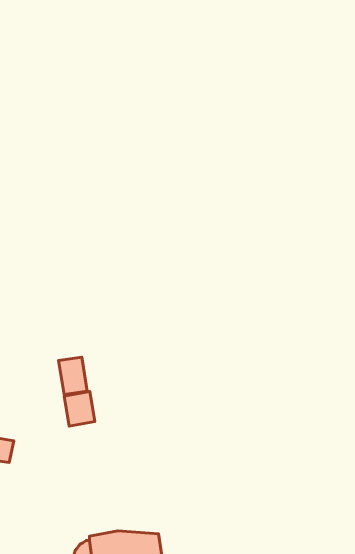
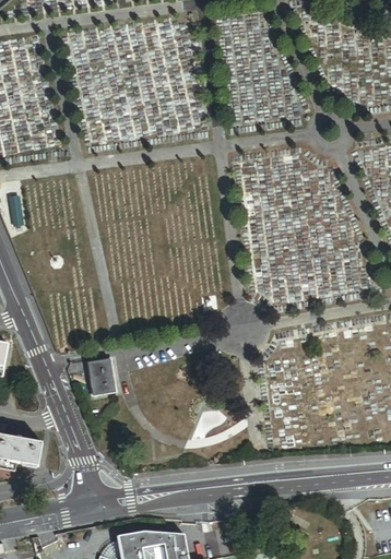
building: [64,391,95,426] -> none

